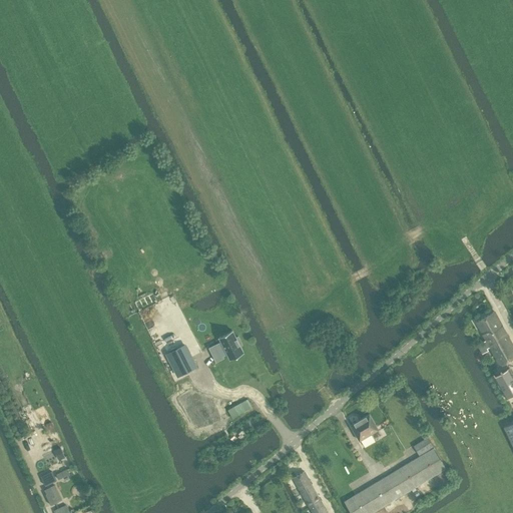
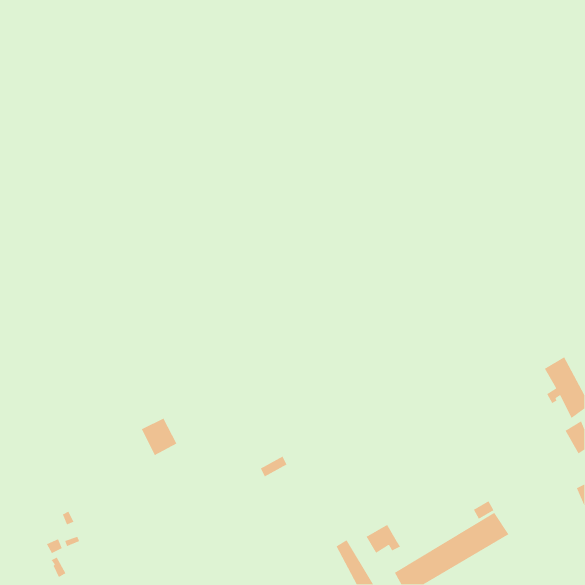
building: [209,331,243,362] -> none
building: [165,344,197,378] -> [141,417,178,456]
building: [351,415,382,441] -> [366,524,401,554]

